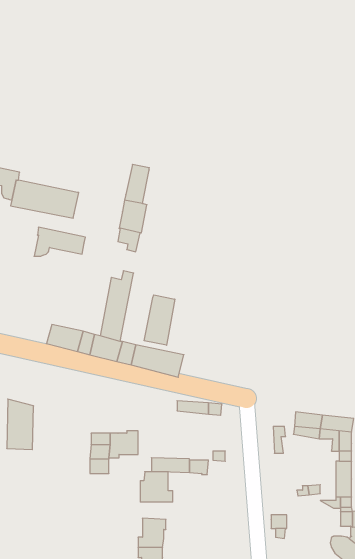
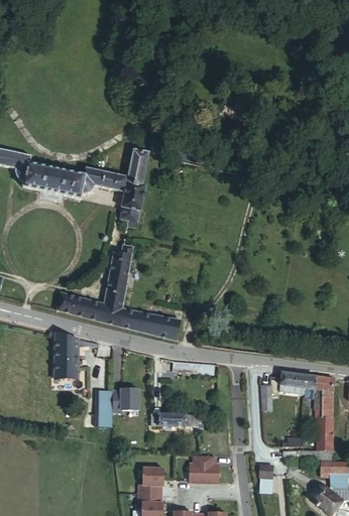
building: [34,227,85,256] -> [82,166,128,192]
building: [144,295,175,345] -> none
building: [7,399,34,450] -> [54,333,79,378]
building: [140,472,173,502] -> [190,455,219,482]

